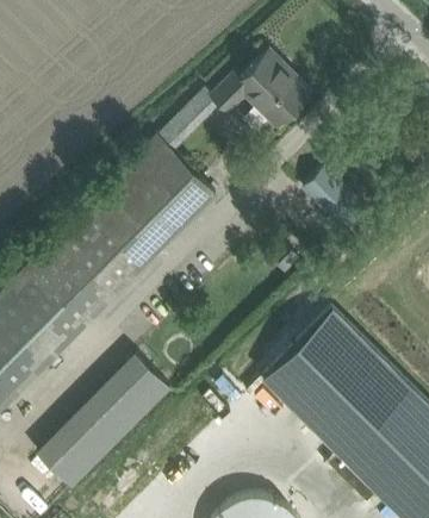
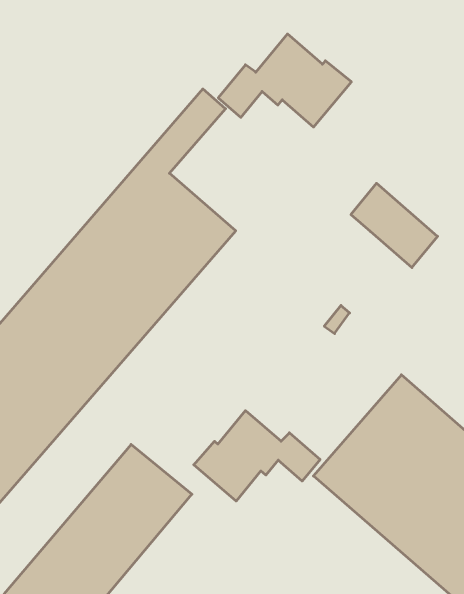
building: none -> [194,411,320,501]

